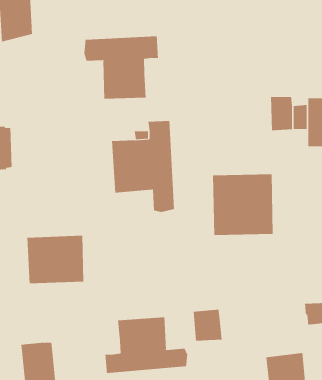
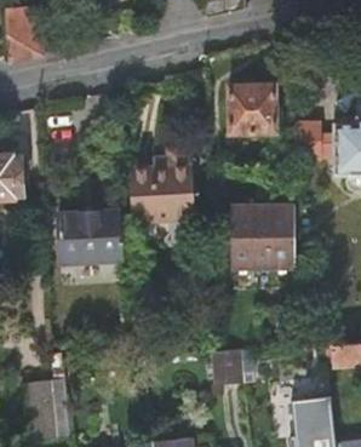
building: [84,36,159,100] -> none
building: none -> [228,84,275,132]
building: [26,235,84,284] -> [56,211,118,263]
building: [105,316,188,374] -> none

